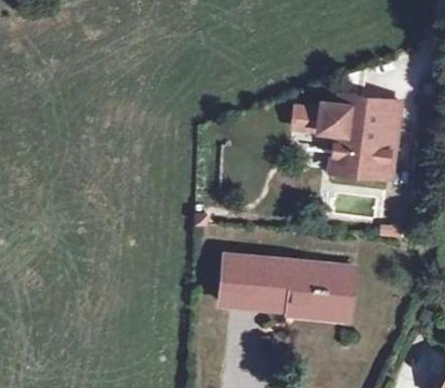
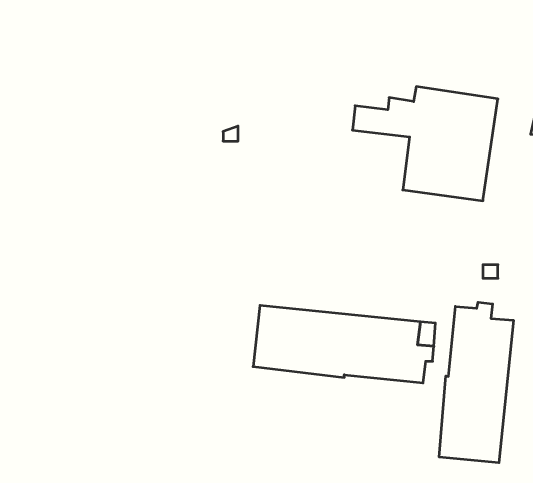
building: none -> [439,302,513,463]

